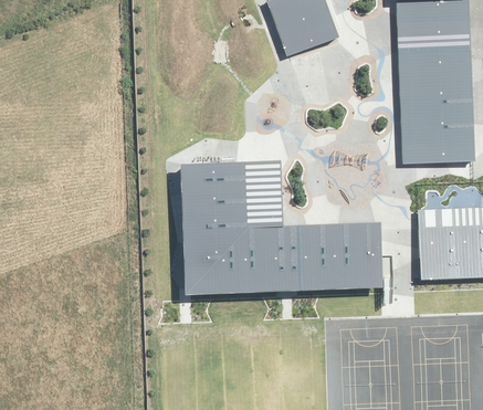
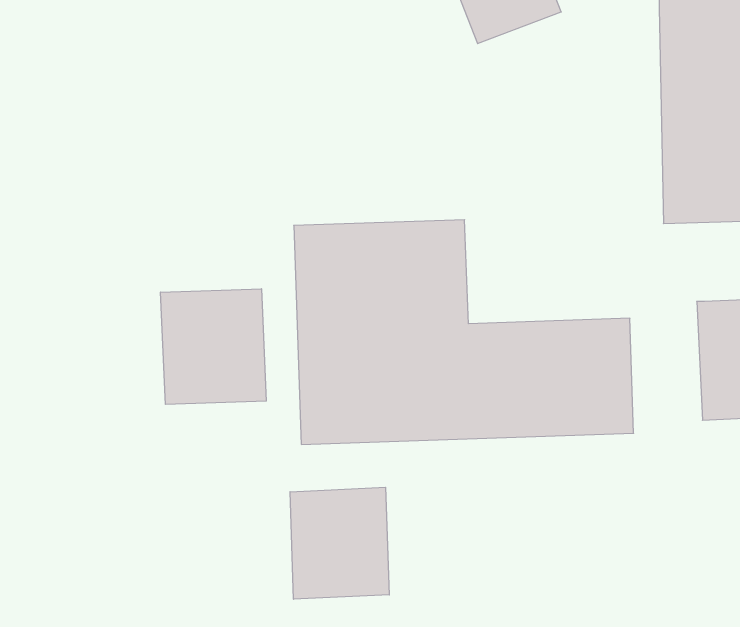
building: none -> [161,289,266,404]
building: none -> [290,487,389,599]

